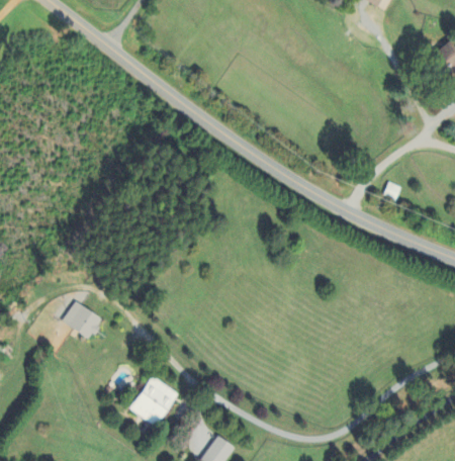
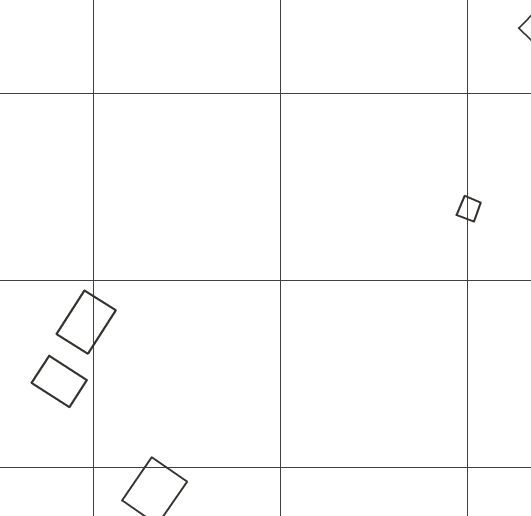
building: none -> [57,290,116,354]

